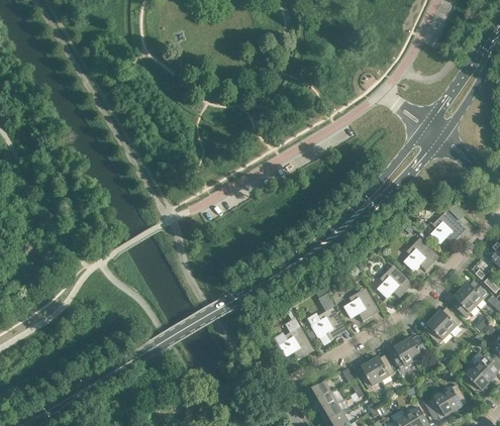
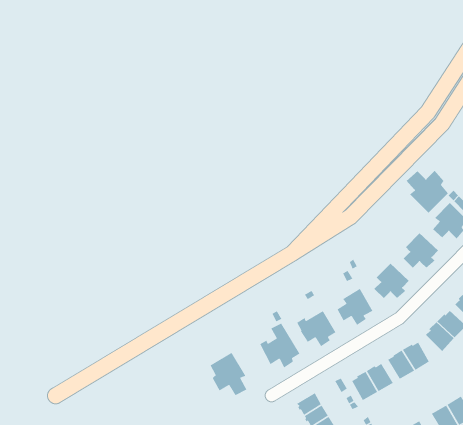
building: none -> [406,170,449,213]
building: none -> [210,352,247,396]

